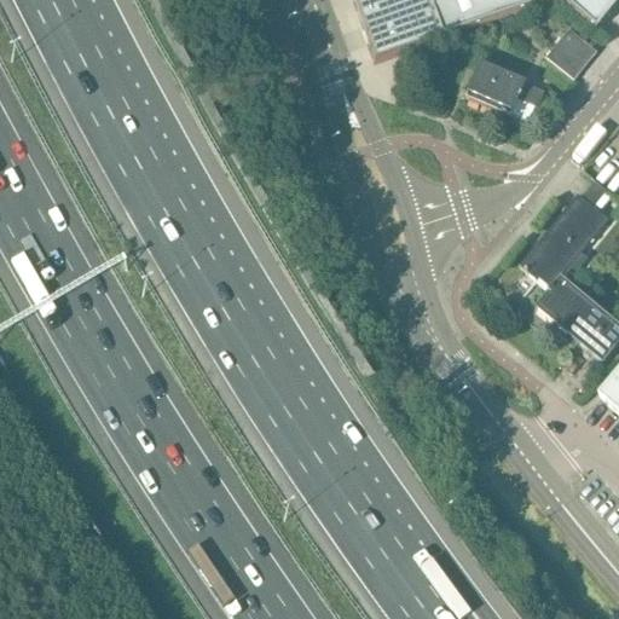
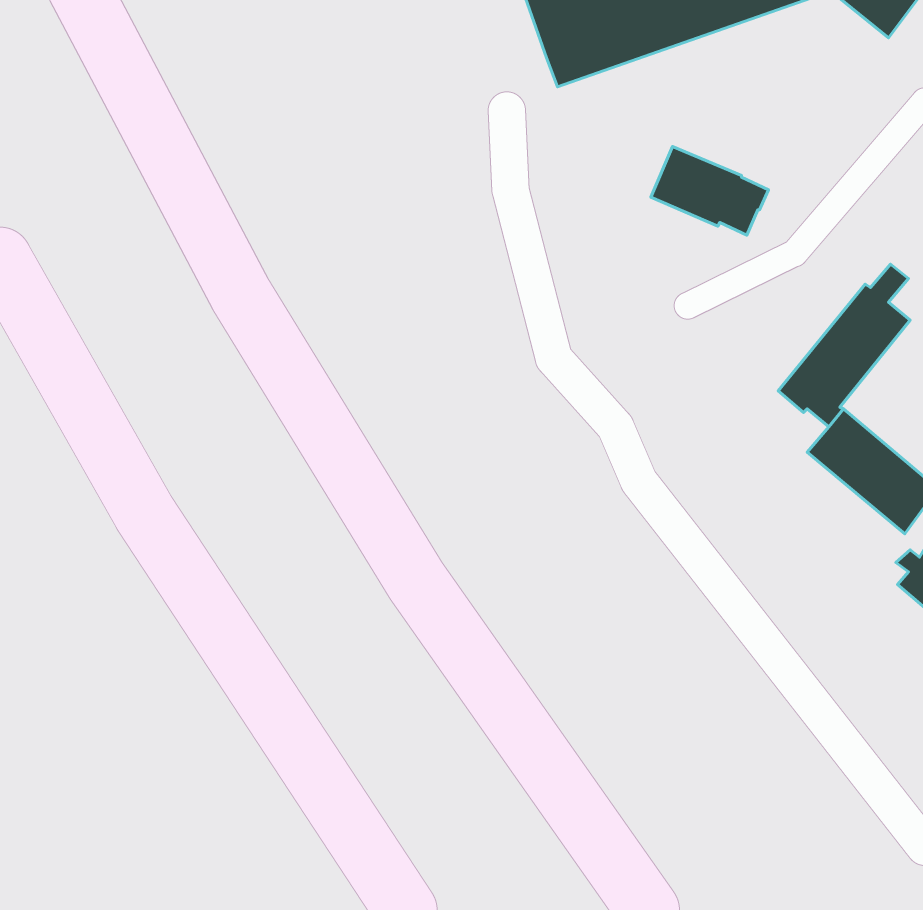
building: [545,24,596,75] -> none
building: [464,58,543,117] -> [651,147,769,235]

